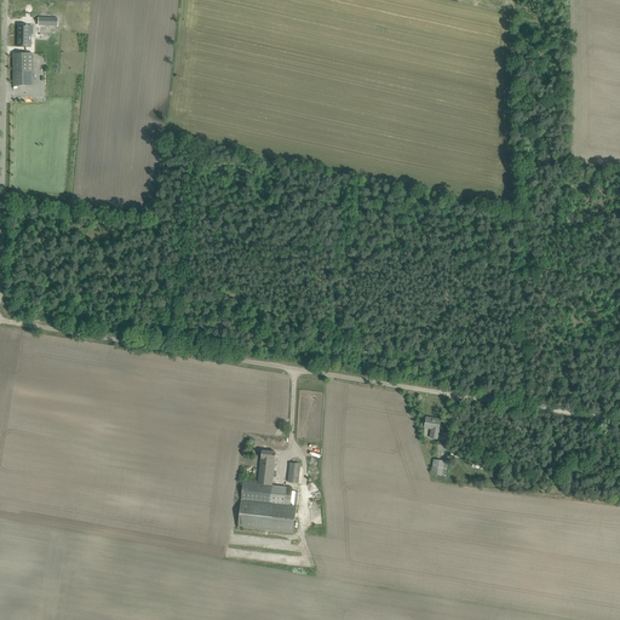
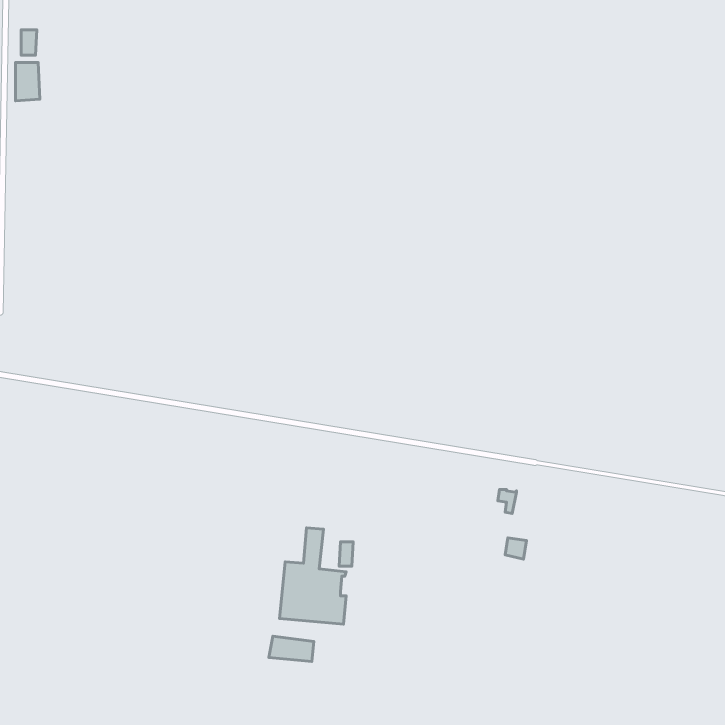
building: none -> [269,636,314,662]

